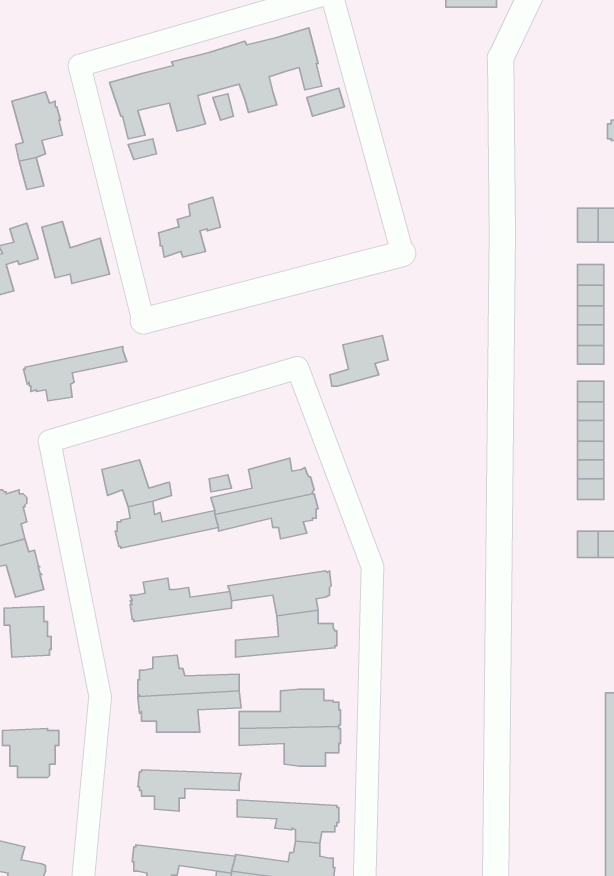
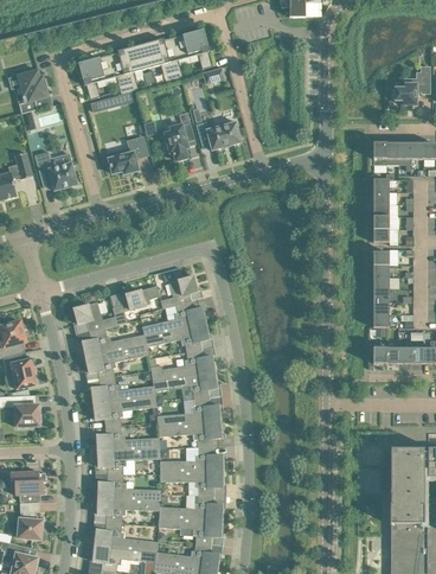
building: none -> [197,120,242,149]
building: none -> [166,121,195,159]
building: [330,335,388,386] -> [161,275,198,307]
building: [23,347,127,401] -> [84,344,149,378]
building: none -> [113,285,160,324]
building: none -> [150,347,216,381]
building: none -> [92,395,156,426]
building: none -> [158,420,223,446]
building: none -> [97,473,161,499]
building: none -> [159,495,224,519]
building: none -> [17,502,43,538]
building: none -> [94,522,159,551]

